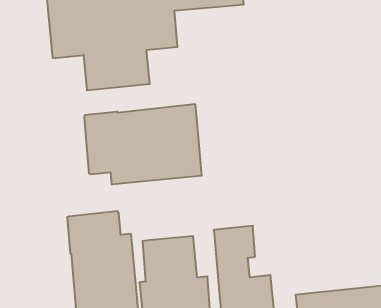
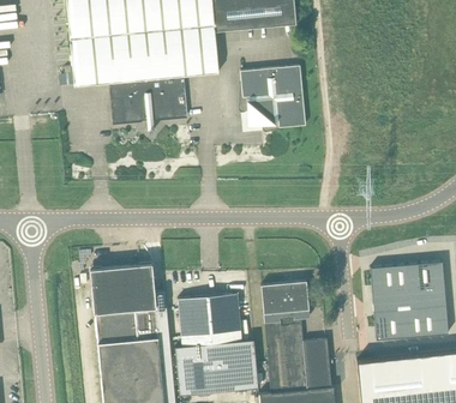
building: none -> [240,65,305,127]
building: [84,104,202,185] -> none
building: none -> [368,260,448,339]

